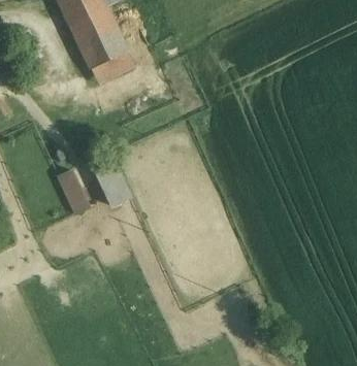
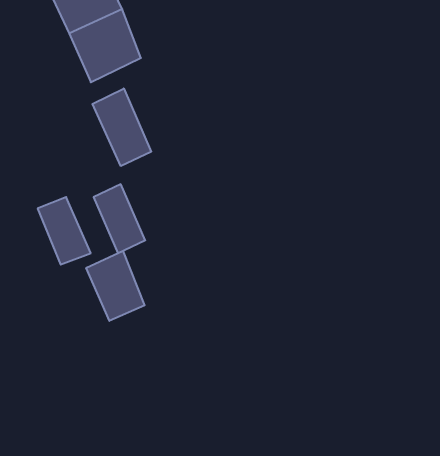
building: none -> [92,88,151,166]
building: none -> [86,251,145,321]

